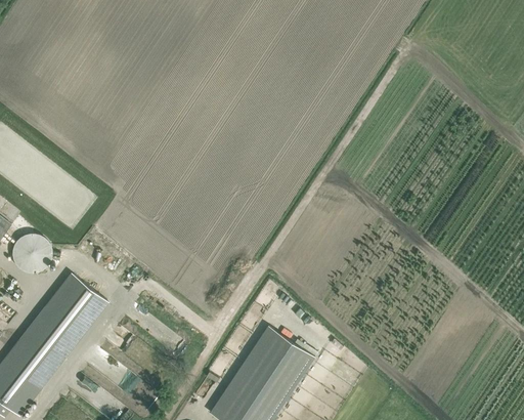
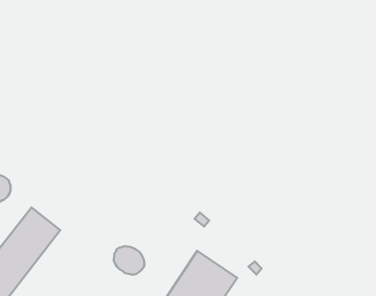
building: none -> [114,246,145,274]

